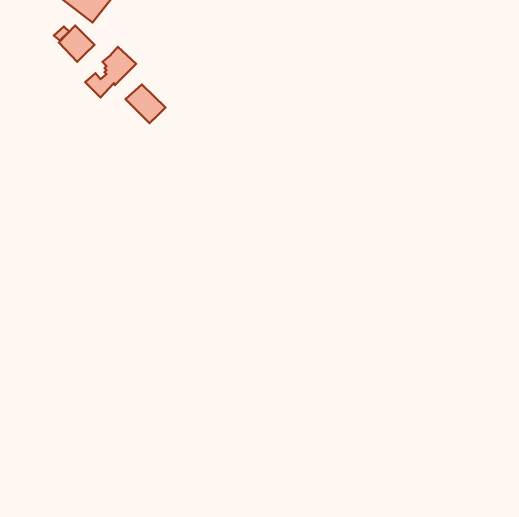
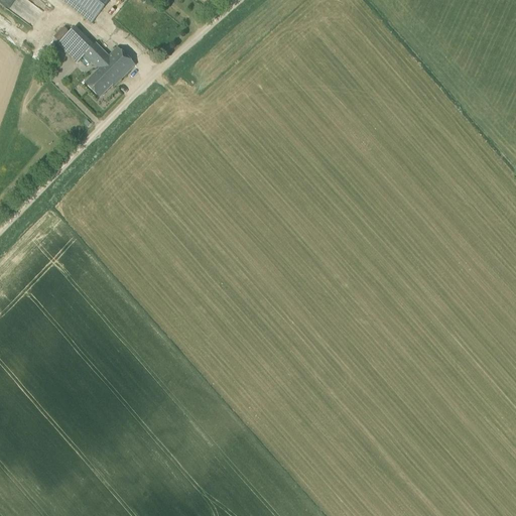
building: none -> [85,42,109,79]
building: [126,84,166,123] -> none

